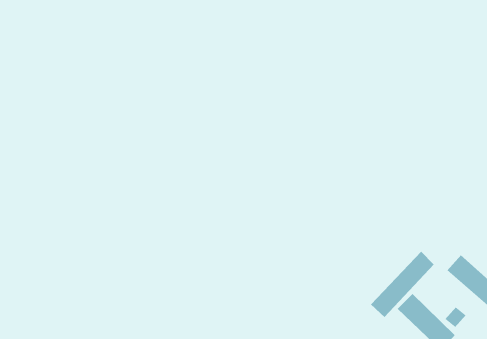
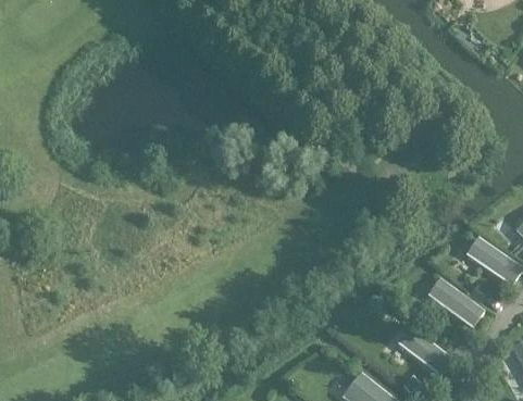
building: [370,251,434,318] -> none

